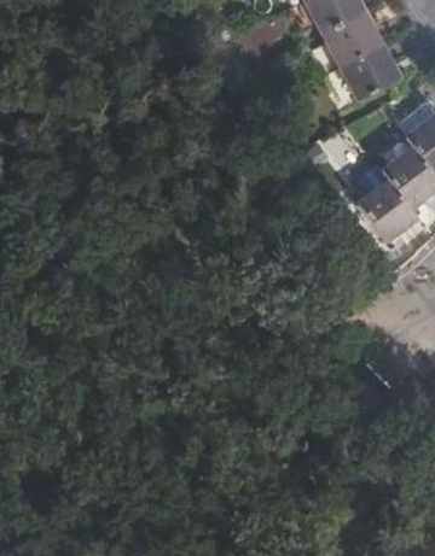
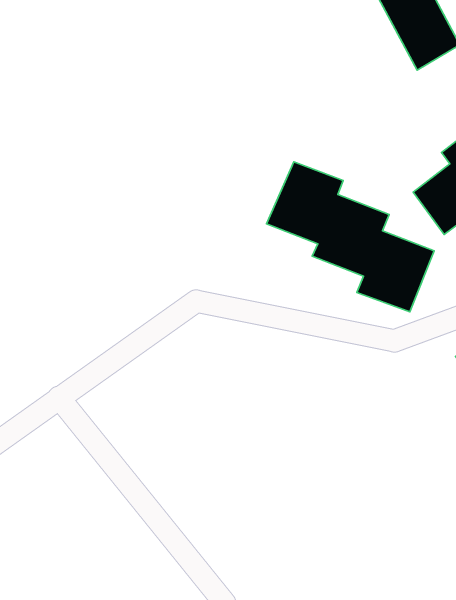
building: none -> [267,162,434,312]

